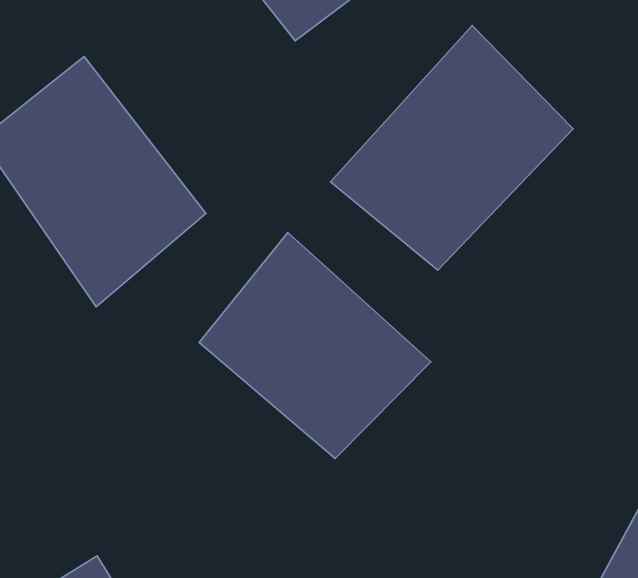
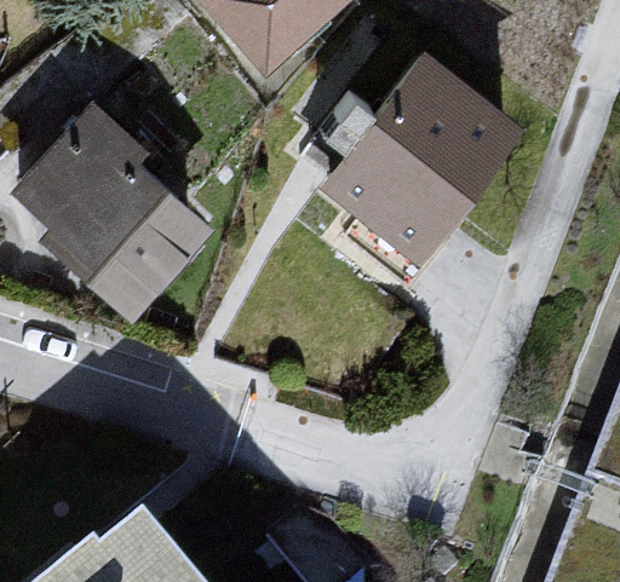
building: [199,233,431,458] -> none

